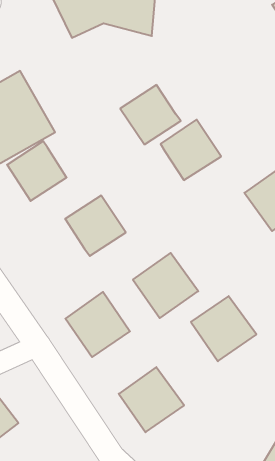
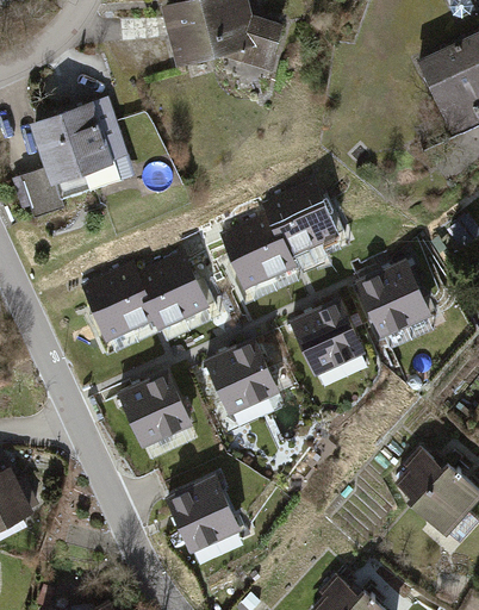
building: [120,85,181,144] -> [220,219,290,287]
building: [7,141,67,201] -> [85,270,153,338]
building: [191,296,256,361] -> [287,299,362,374]

